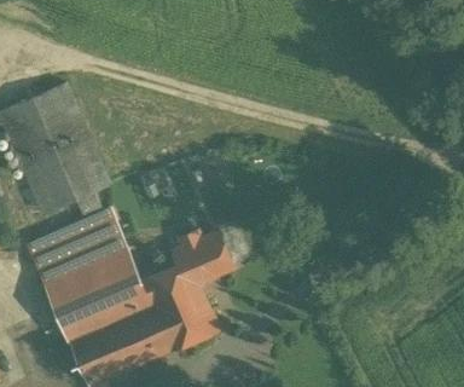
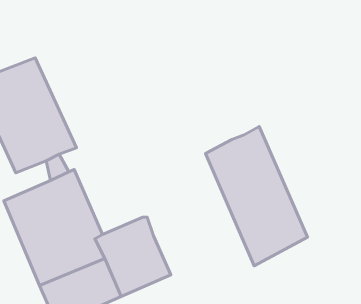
building: none -> [206,127,307,266]
building: [180,233,232,283] -> none

